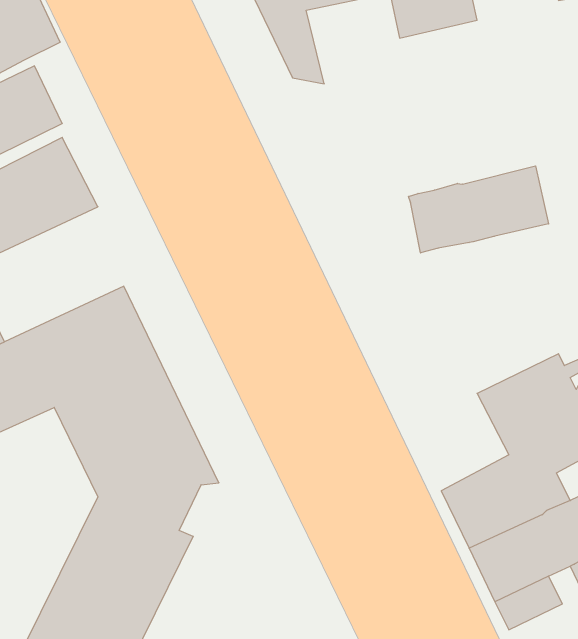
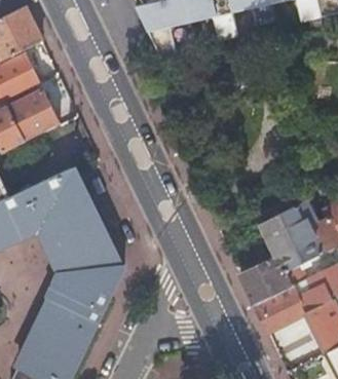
building: [409,166,549,253] -> none

